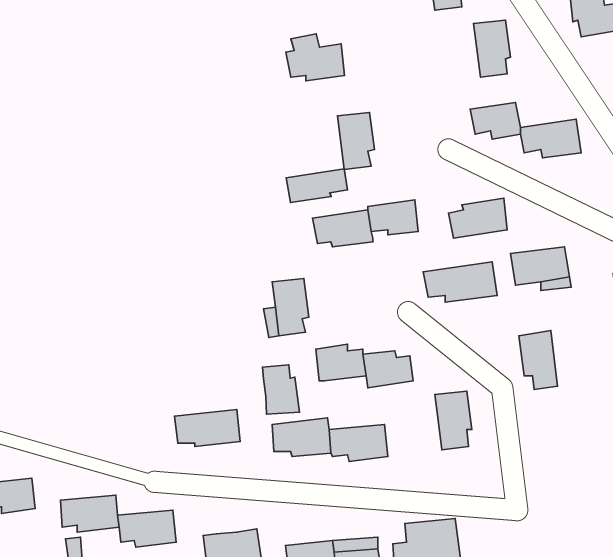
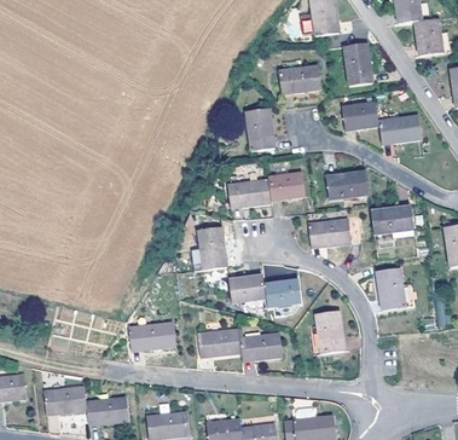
building: [286,34,345,81] -> [278,59,320,93]
building: [286,169,347,203] -> none
building: [263,365,300,414] -> none

